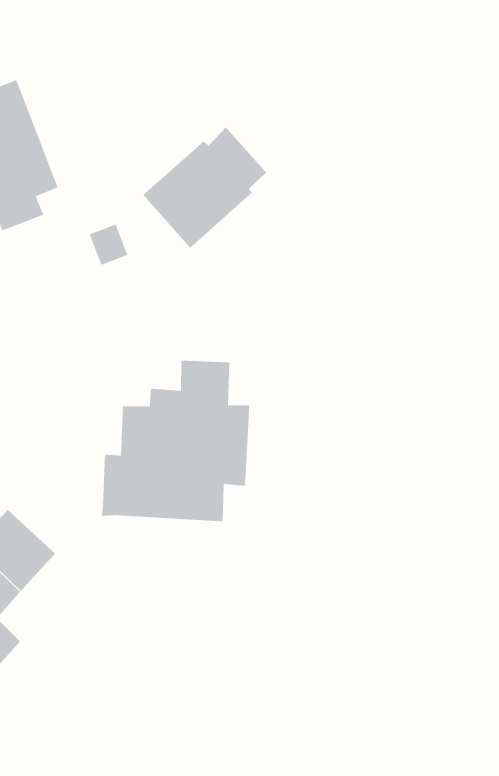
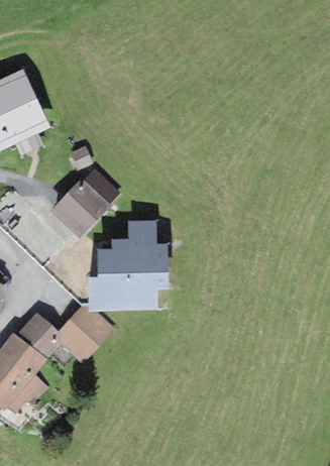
building: [143,127,267,248] -> [49,167,119,238]
building: none -> [60,306,114,360]

